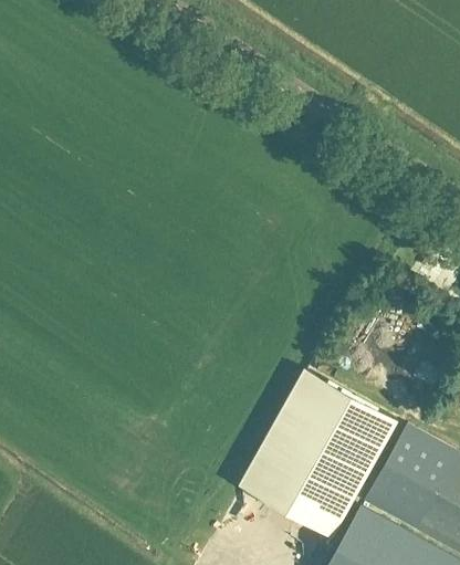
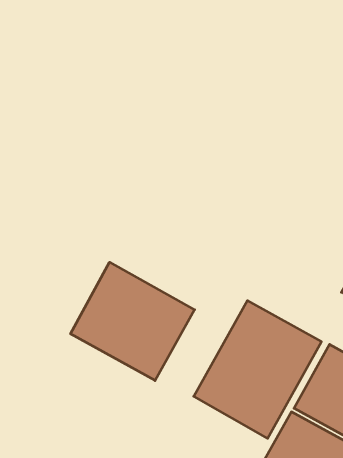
building: none -> [71,262,195,381]

